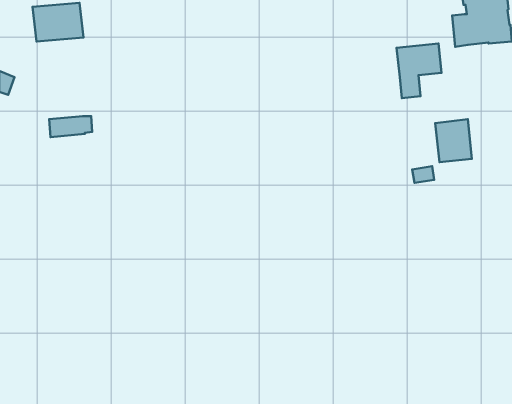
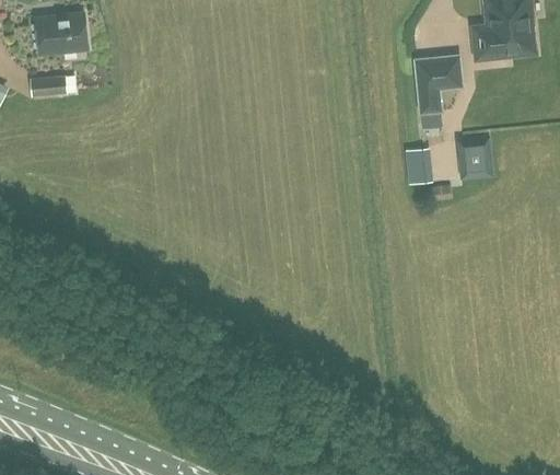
building: [49,116,92,137] -> [30,76,74,97]
building: none -> [416,147,441,181]

